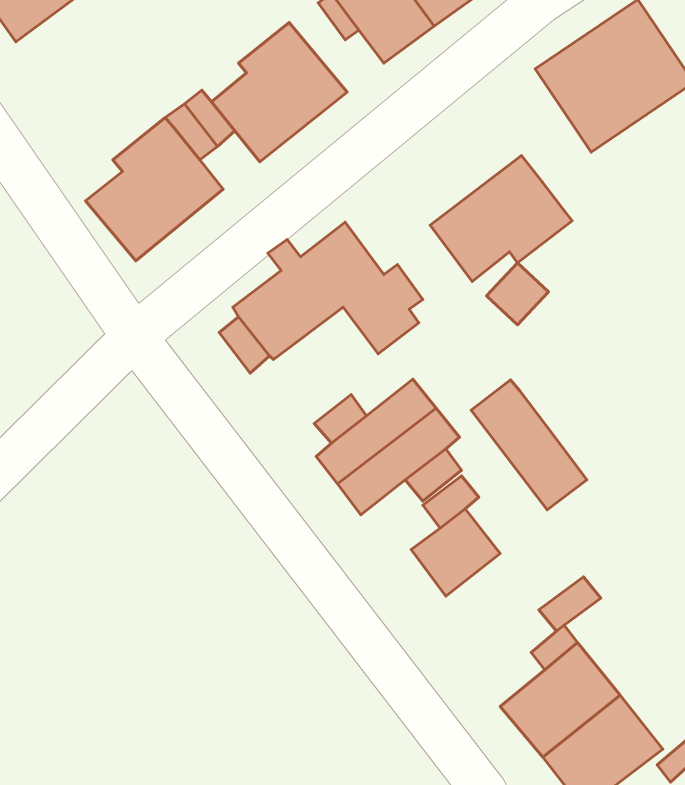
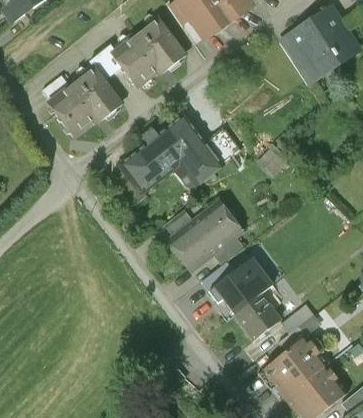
building: [430,156,572,281] -> none
building: [471,380,587,510] -> none
building: none -> [234,290,281,337]

